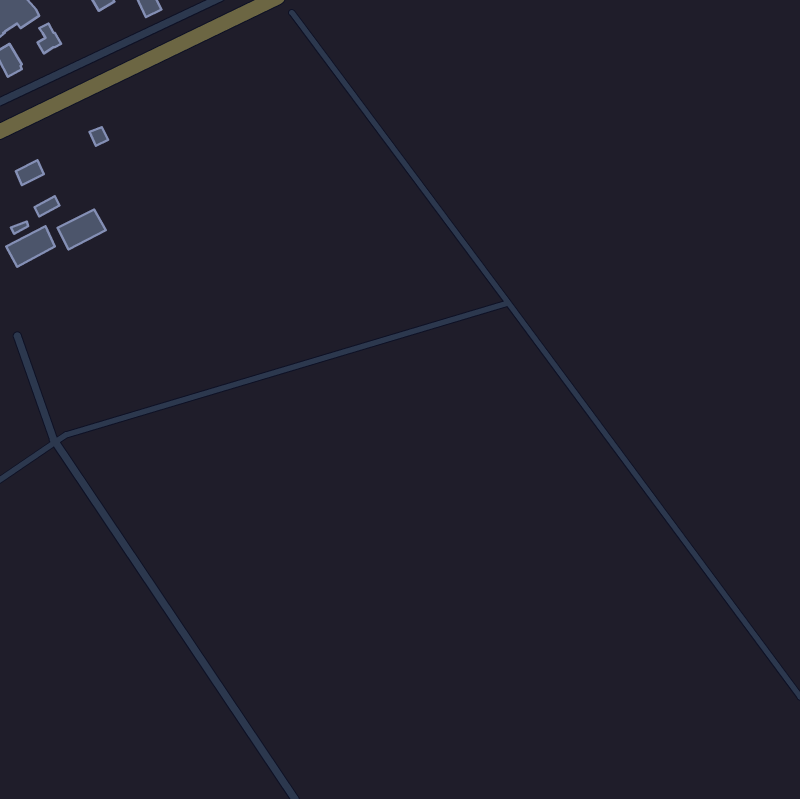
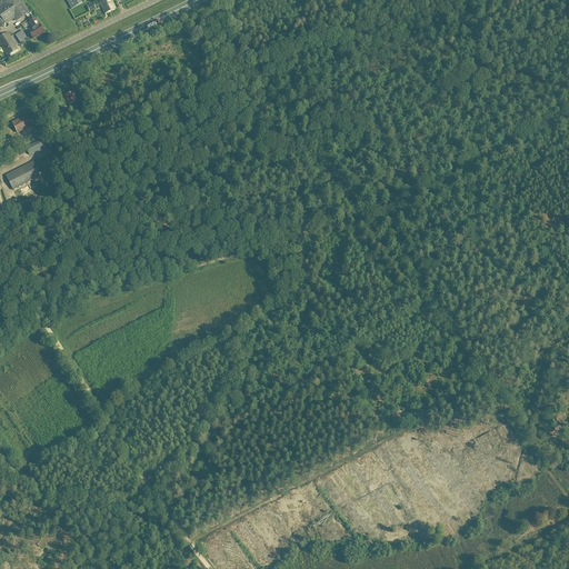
building: [58,210,106,250] -> none

